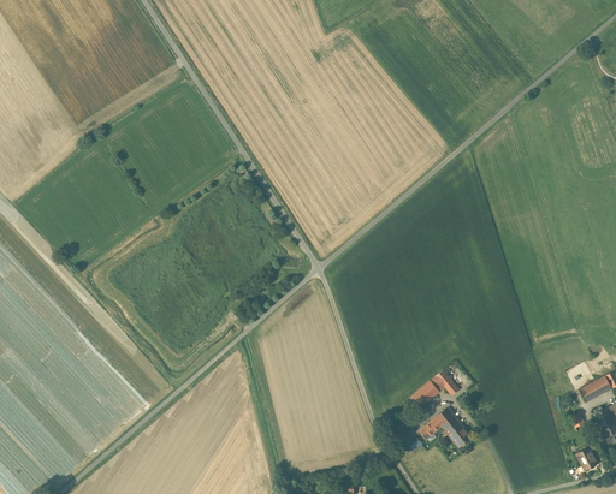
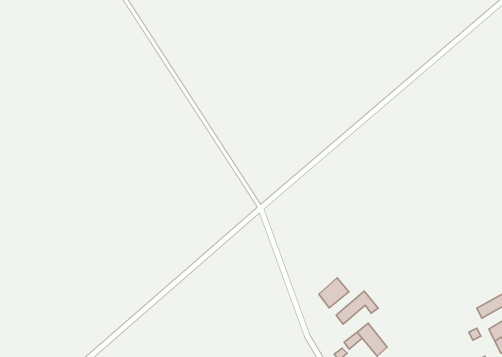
building: none -> [319,278,349,308]

